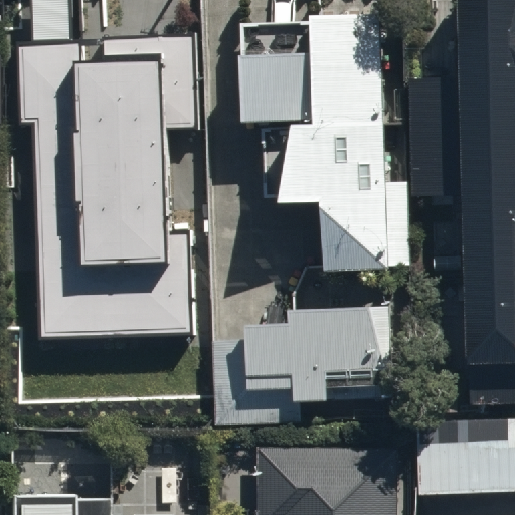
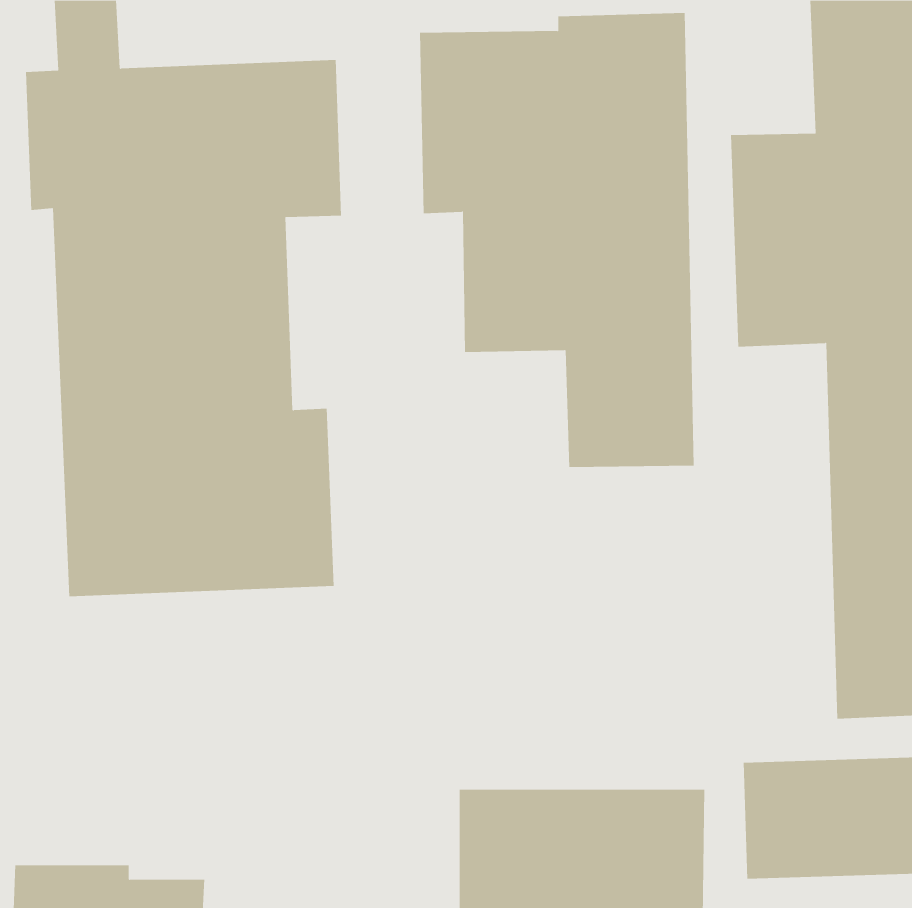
building: [247,305,390,401] -> none

